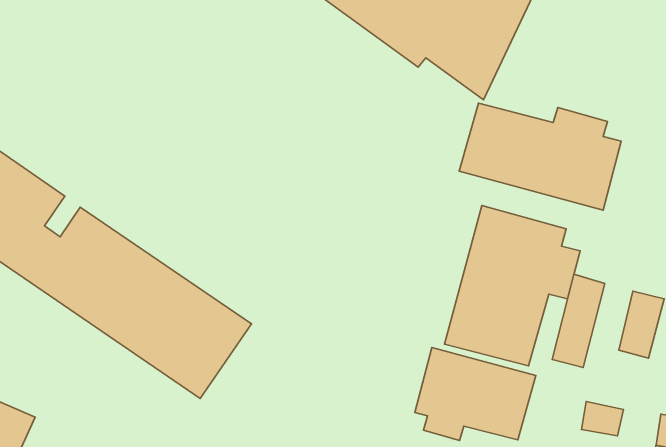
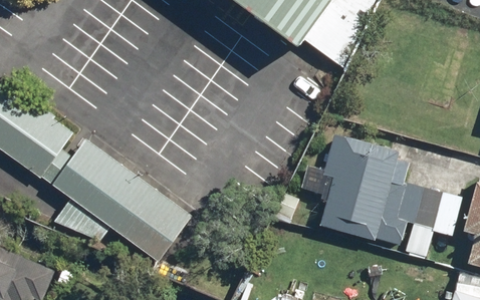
building: [459,103,621,210] -> none
building: [415,347,536,440] -> none

